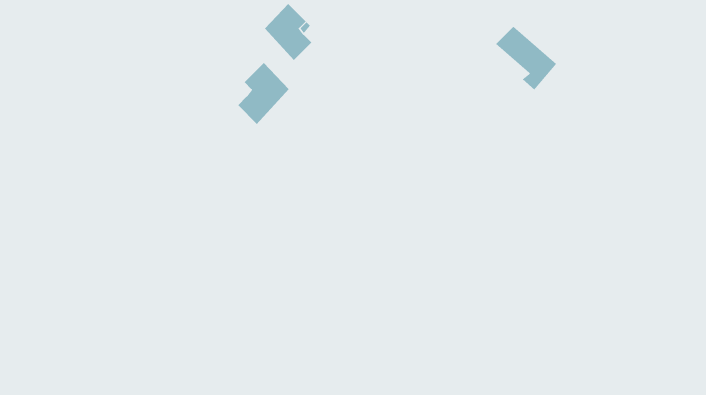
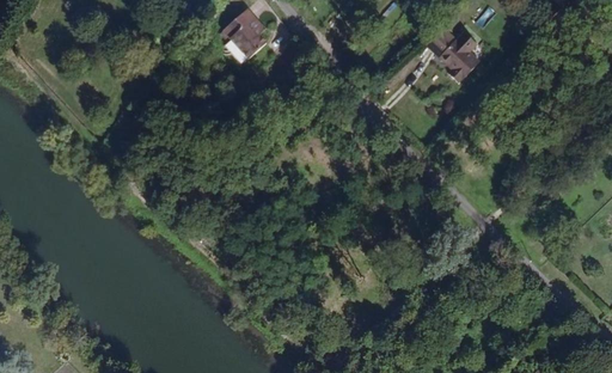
building: [237,62,289,125] -> none

